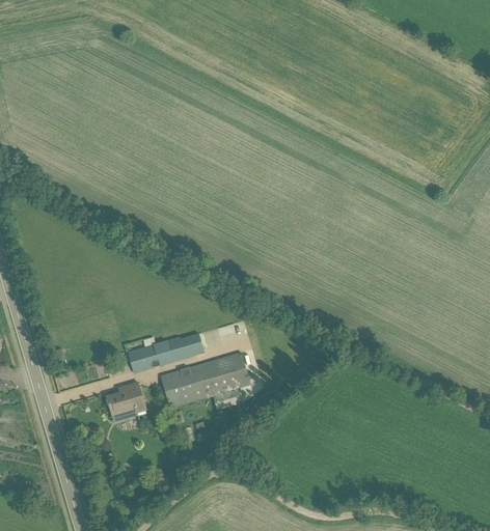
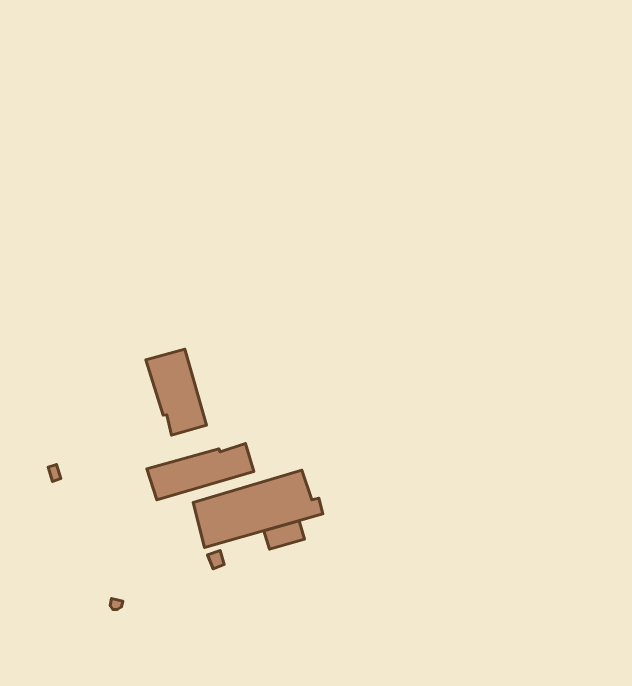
building: none -> [146,349,207,435]
building: [106,383,145,416] -> none

